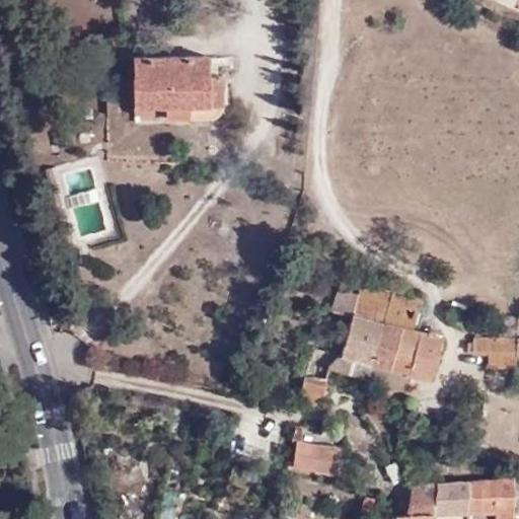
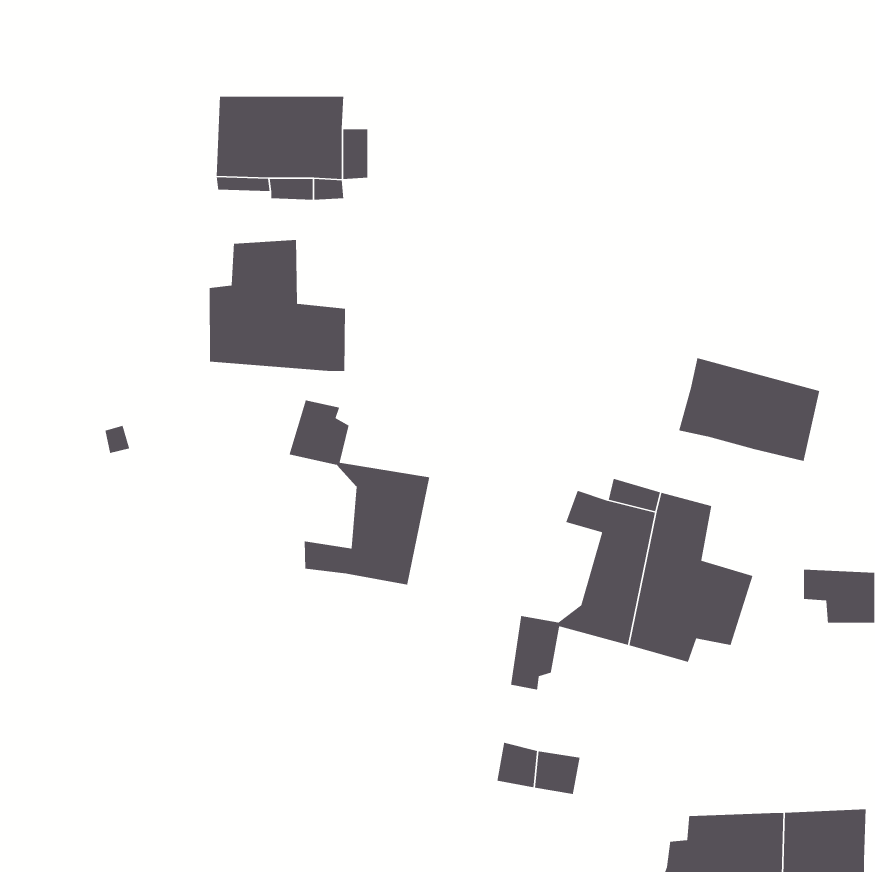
building: none -> [209,239,346,372]
building: none -> [678,357,820,462]
building: none -> [289,399,430,585]

